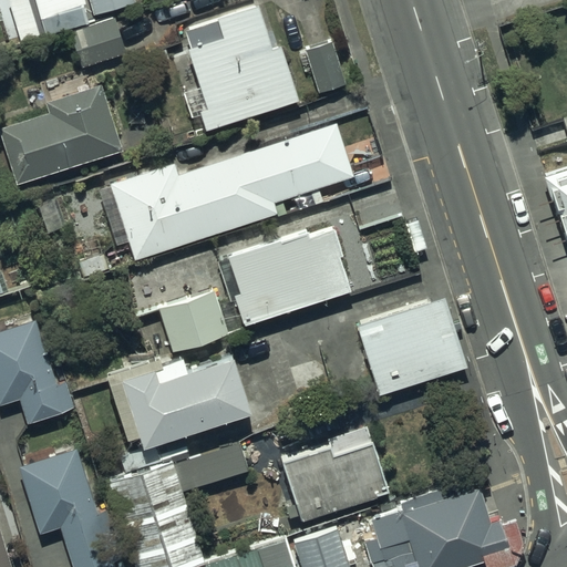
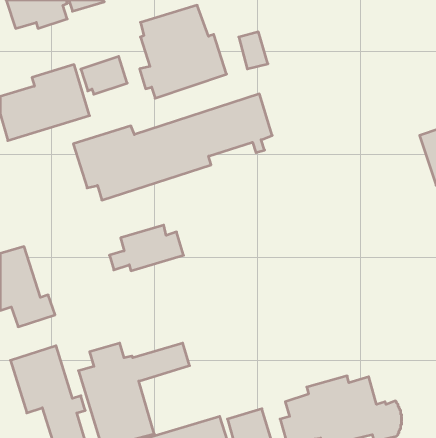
building: [70,21,130,70] -> [81,56,127,94]
building: [220,229,350,323] -> none
building: [357,298,465,394] -> none
building: [103,354,248,445] -> none
building: [285,425,389,522] -> none

